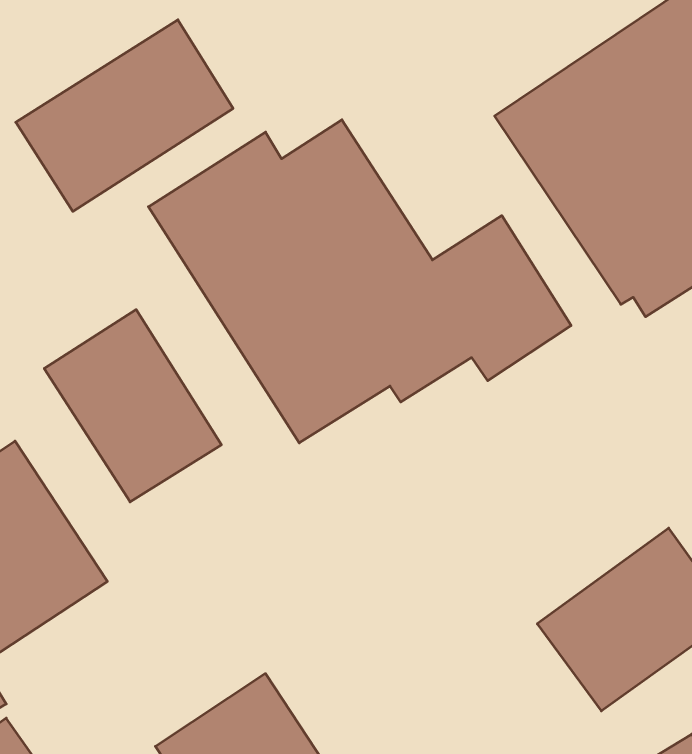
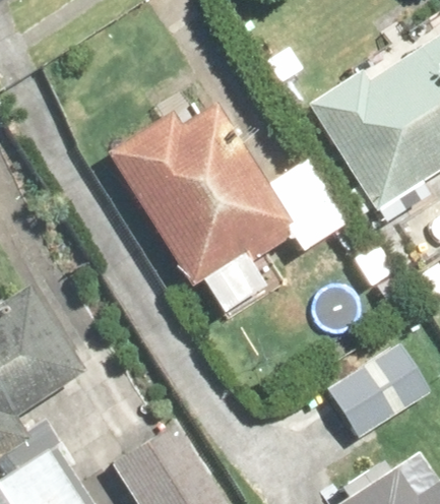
building: [16,20,233,211] -> none
building: [44,310,221,502] -> none

